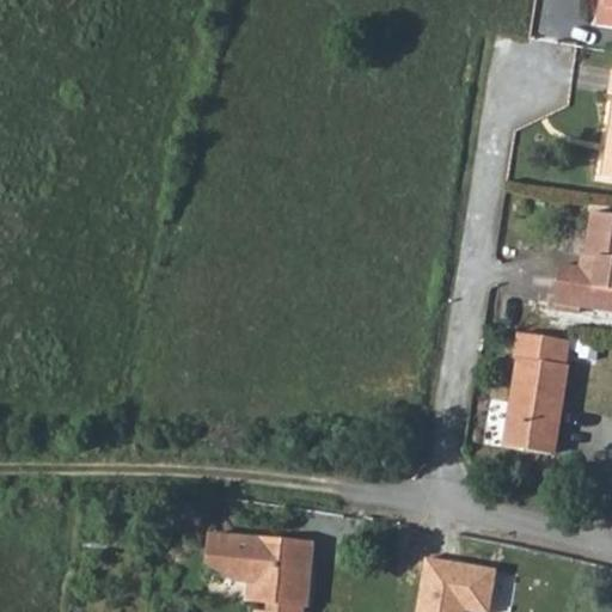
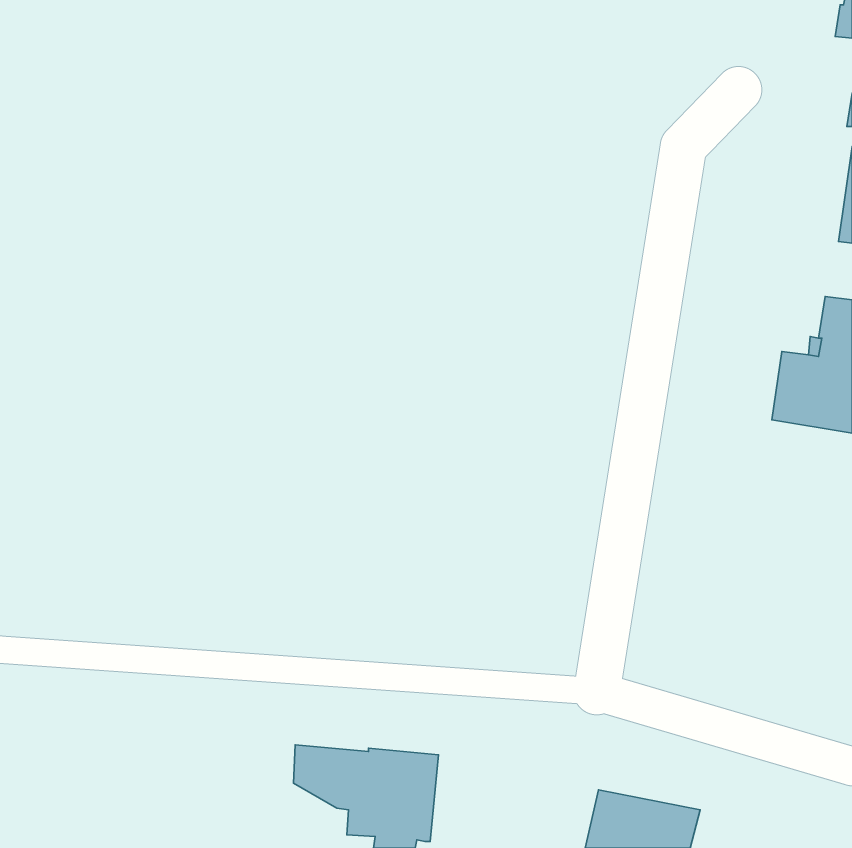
building: [502,332,568,455] -> none

